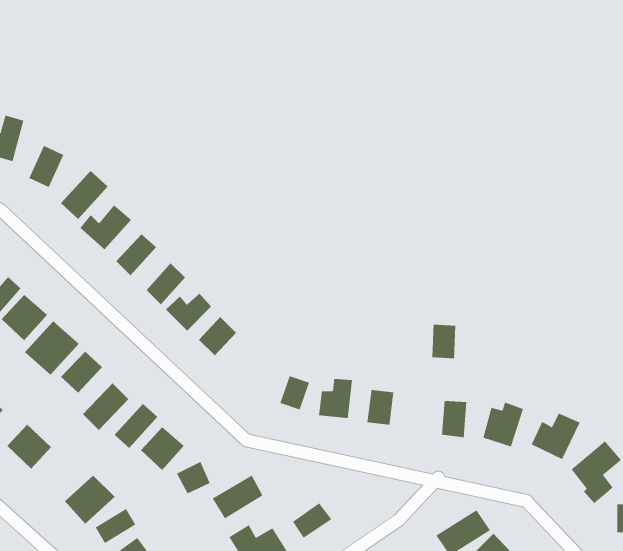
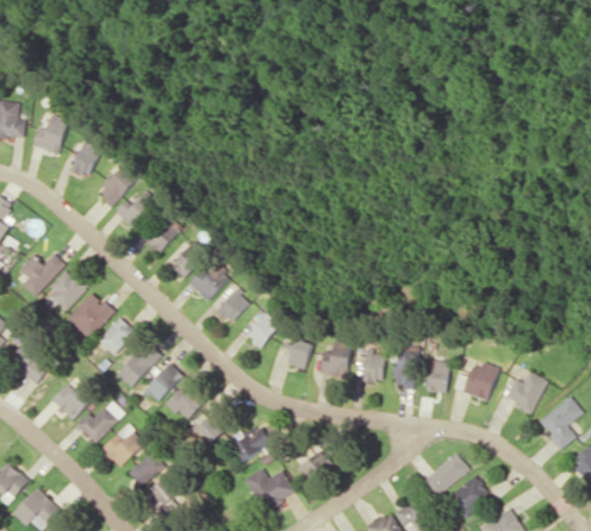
building: [431,324,456,359] -> [394,360,416,389]
building: none -> [247,313,280,348]
building: none -> [75,406,118,444]

